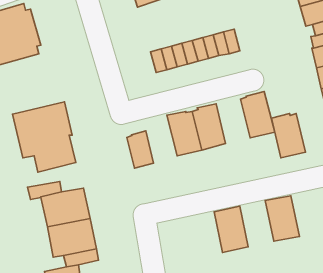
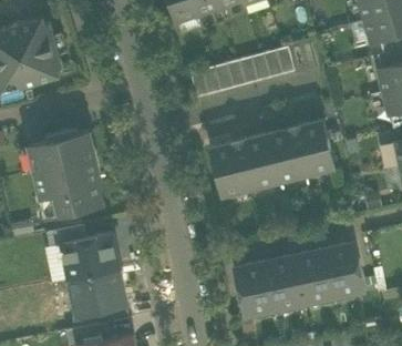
building: [271,113,305,158] -> [266,131,306,183]
building: [127,131,153,168] -> none
building: none -> [293,250,333,304]
building: none -> [234,263,274,316]

